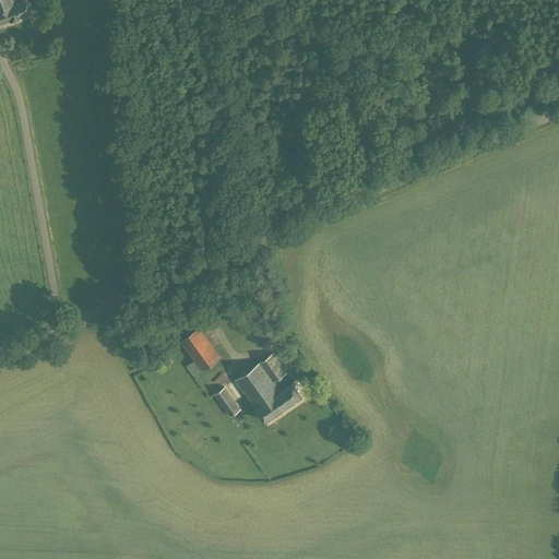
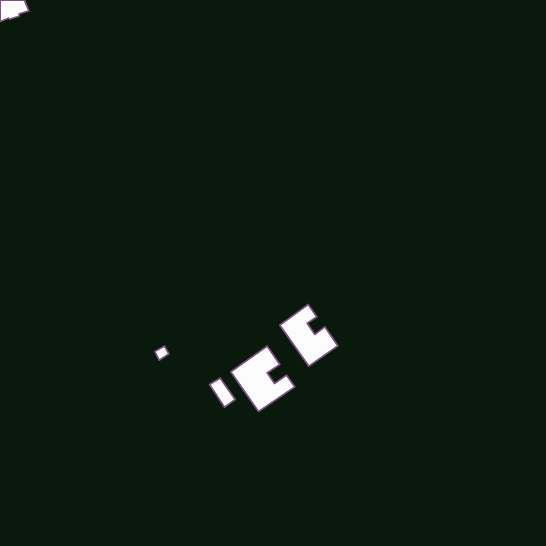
building: none -> [280,304,338,366]
building: [180,326,222,377] -> none

